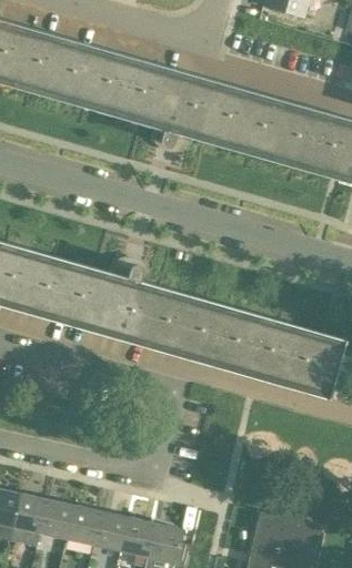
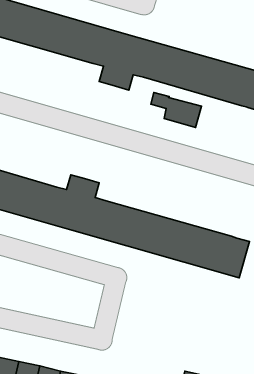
building: none -> [151,92,202,128]

